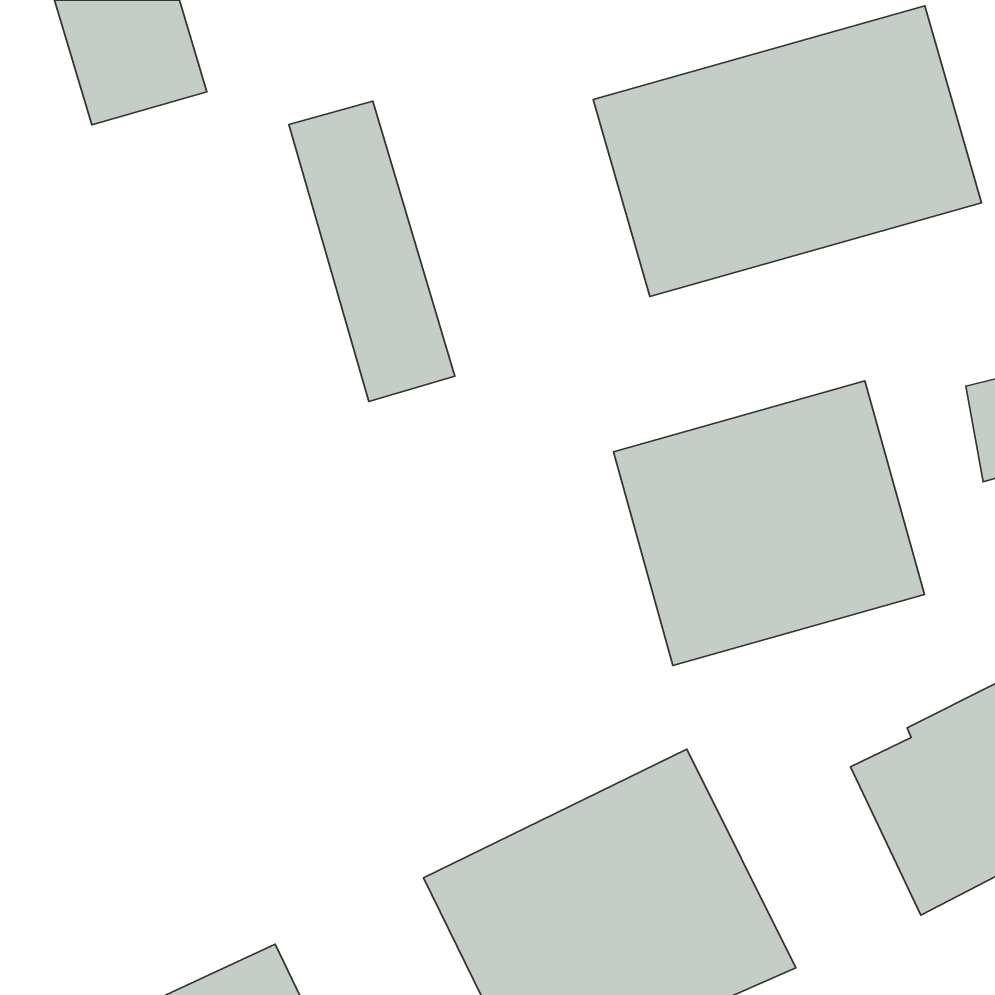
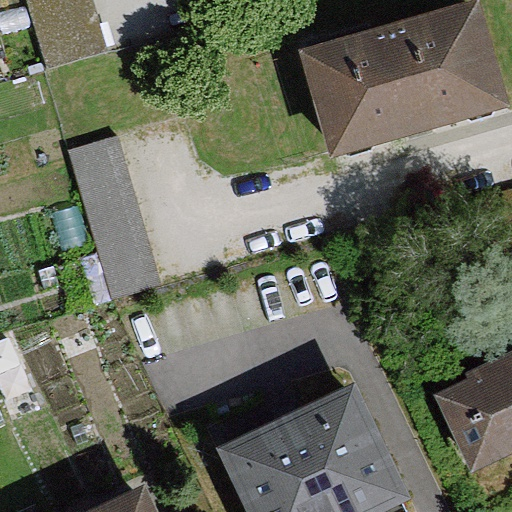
building: [289,101,455,402] -> [71,142,156,296]
building: [613,381,924,666] -> none

